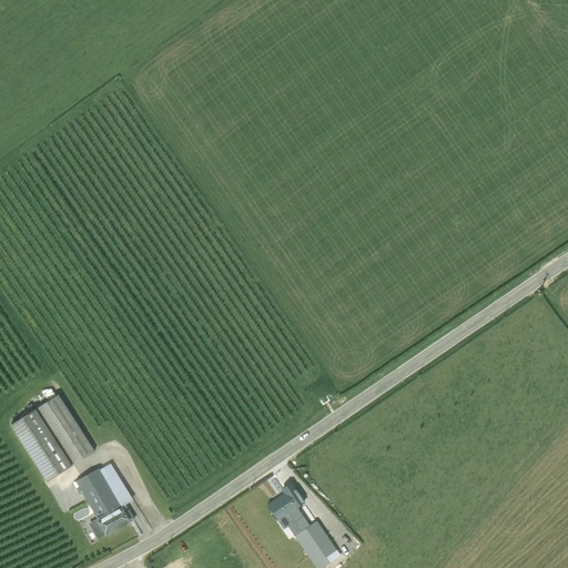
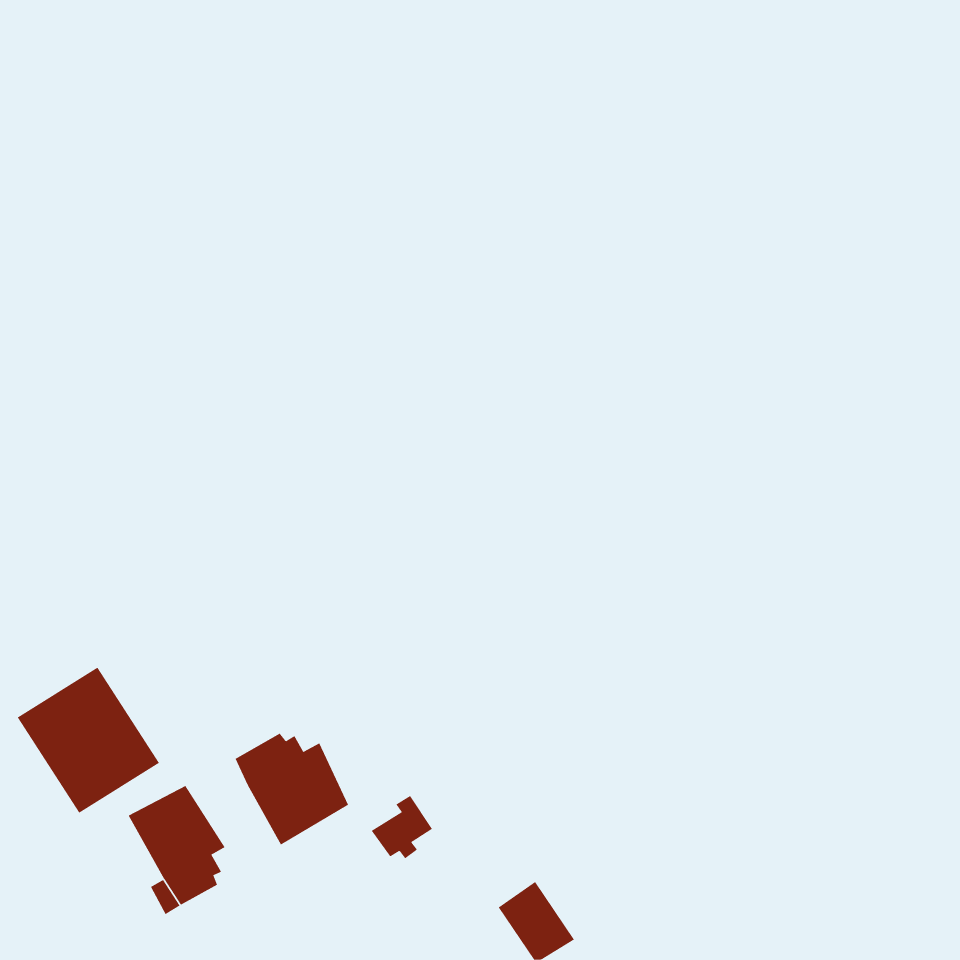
building: none -> [235,733,349,845]
building: [267,484,304,521] -> [371,795,433,859]

